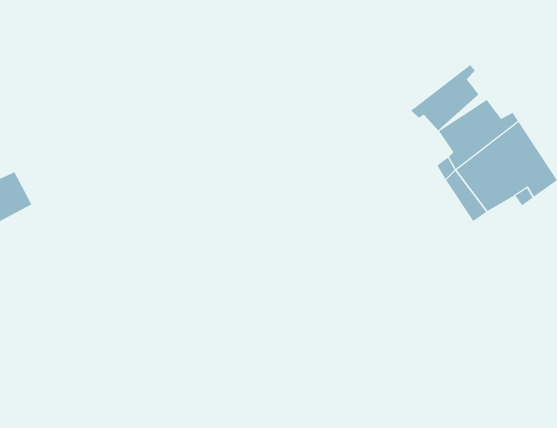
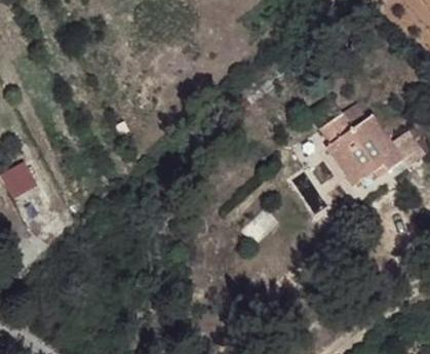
building: [410,64,479,131] -> none

